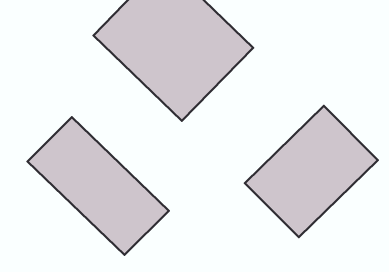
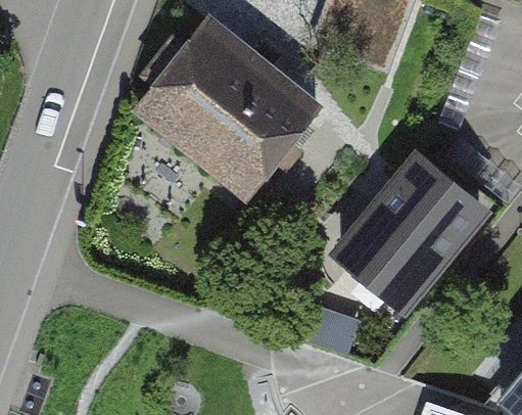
building: [27,117,169,255] -> none

